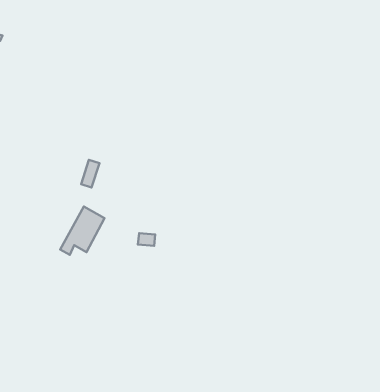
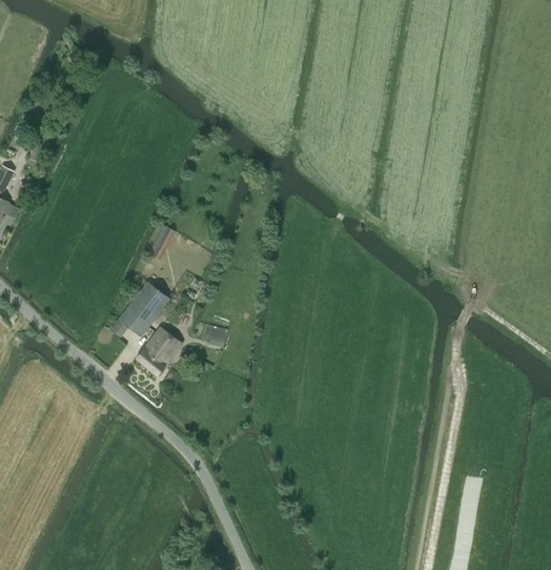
building: none -> [136,327,182,375]

